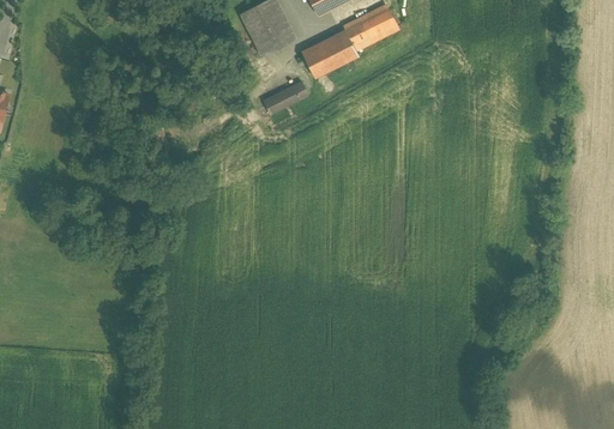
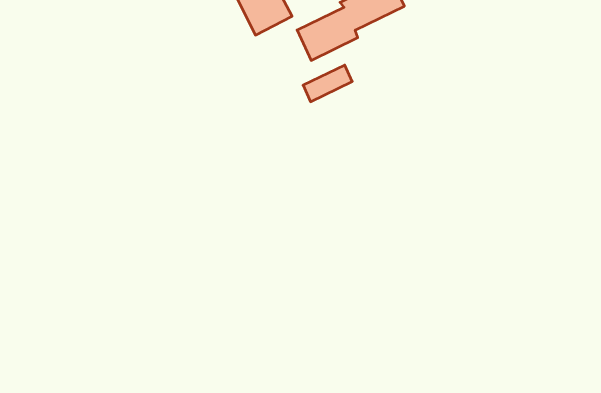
building: [263,78,309,113] -> [303,65,352,102]

